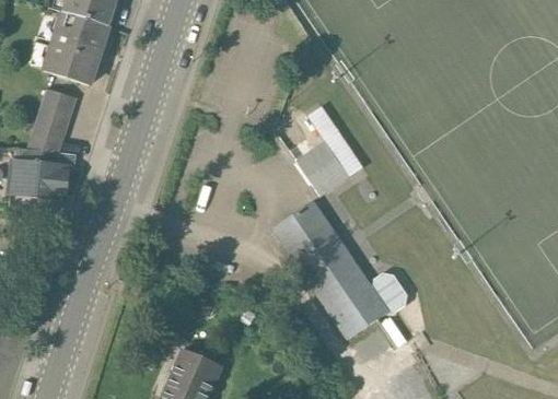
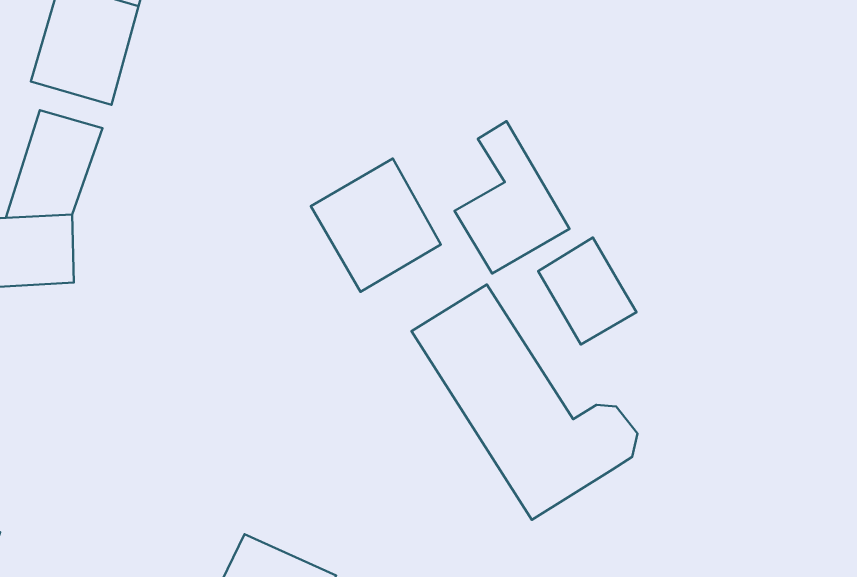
building: none -> [311,158,441,292]
building: none -> [538,237,636,345]

